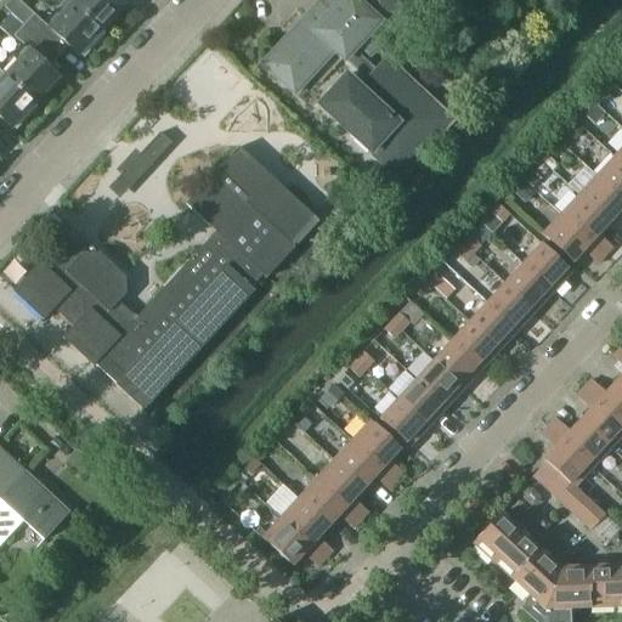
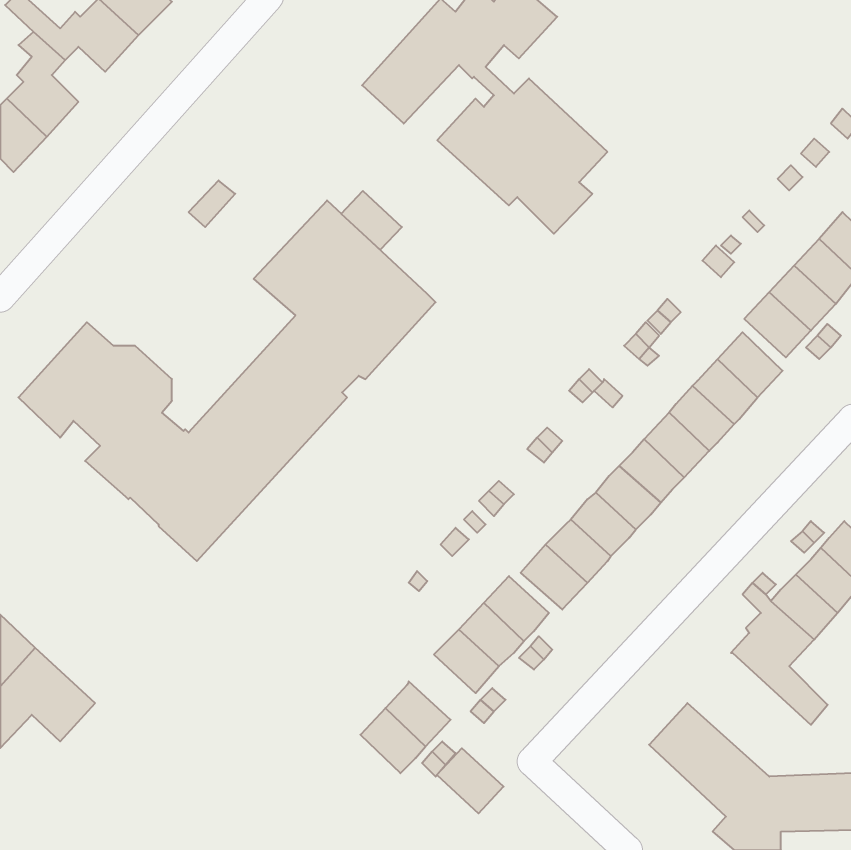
building: none -> [341,191,402,250]
building: [299,476,347,524] -> [437,748,504,813]

